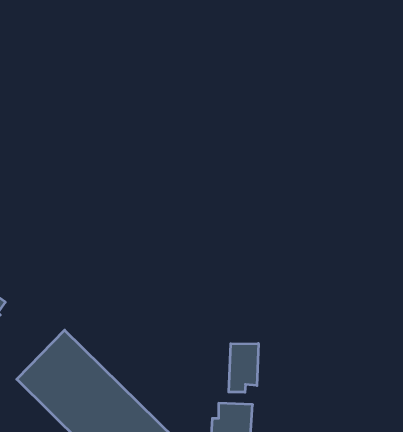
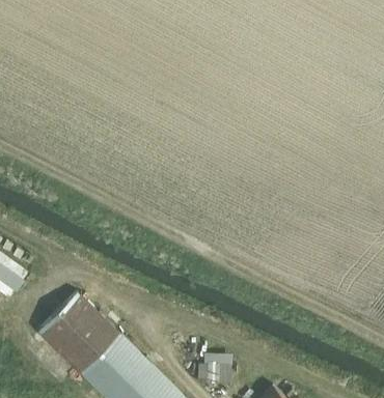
building: [229,343,258,392] -> none

